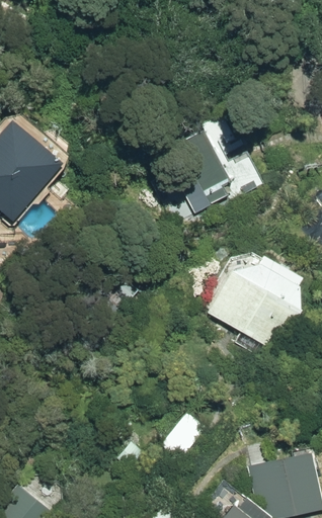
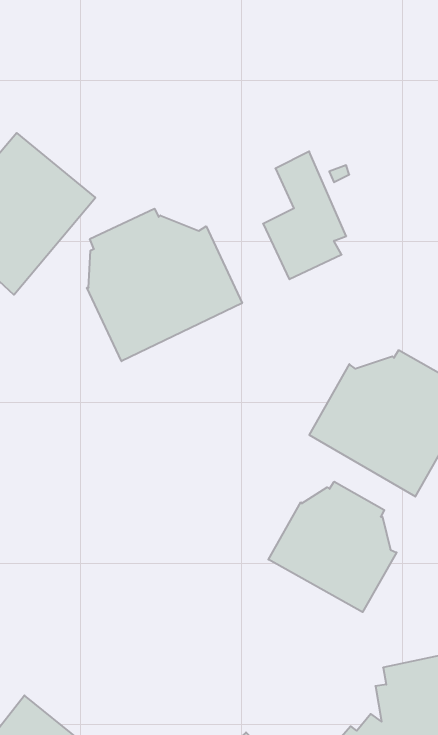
building: none -> [87,209,242,361]
building: none -> [268,482,397,612]

